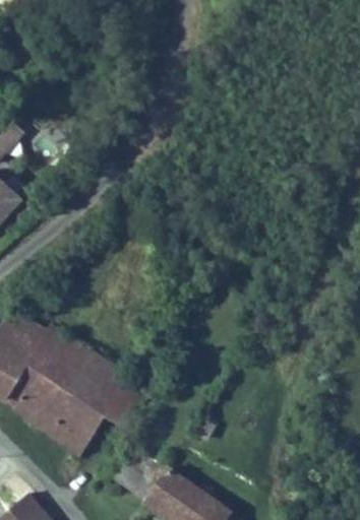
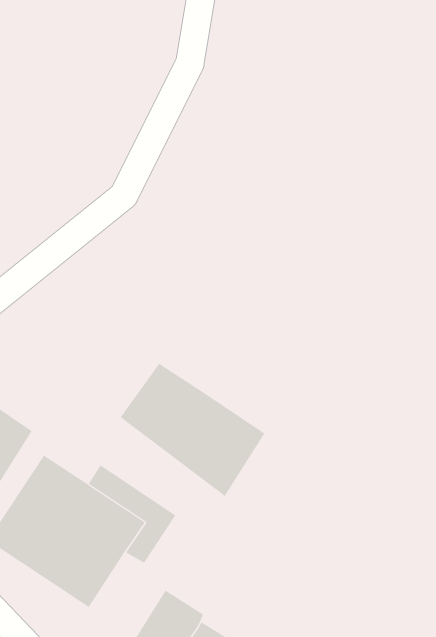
building: none -> [120,363,265,497]

